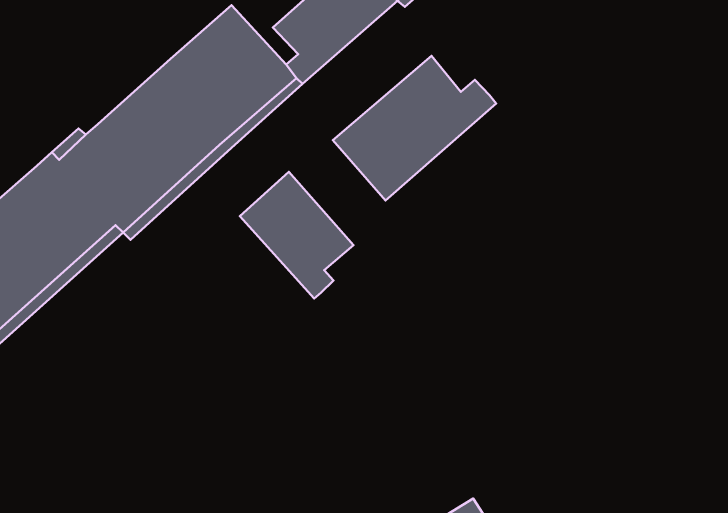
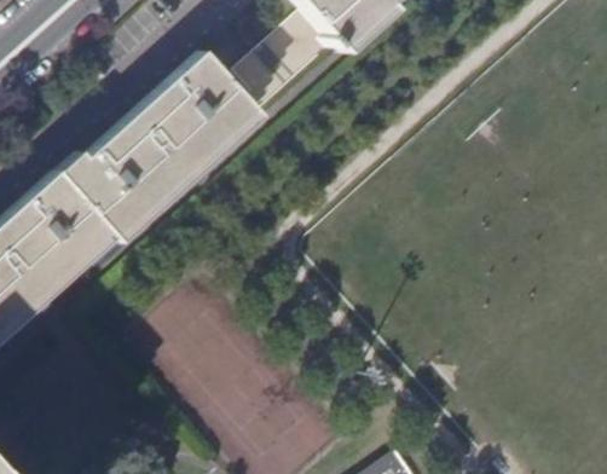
building: [333,56,496,200] -> none
building: [240,172,354,298] -> none

